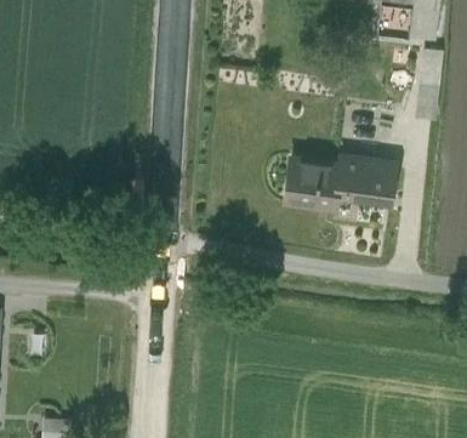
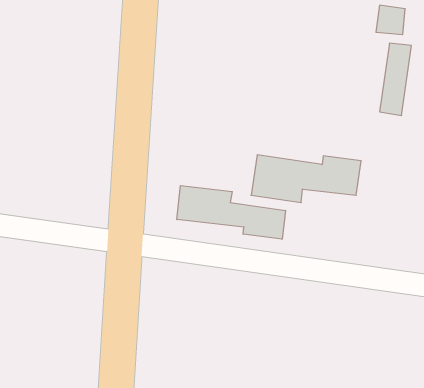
building: none -> [177,186,285,239]

